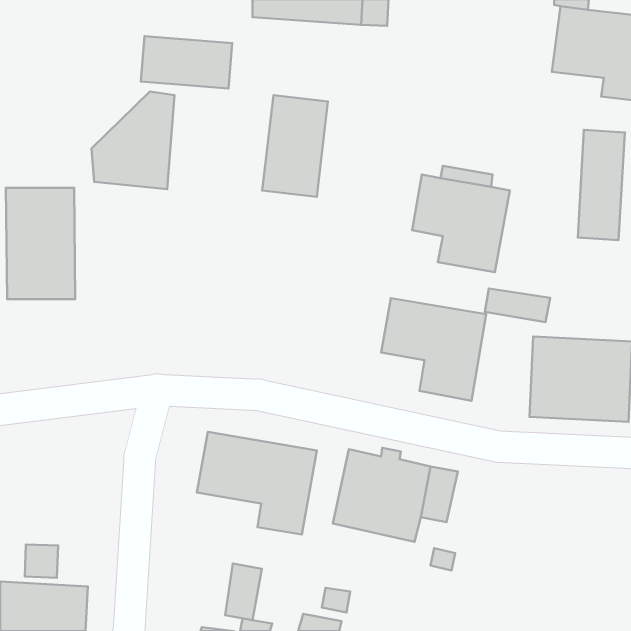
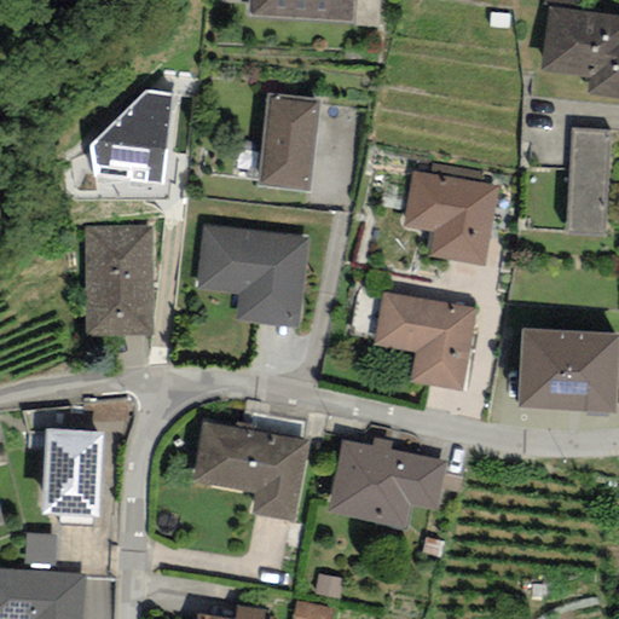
building: [141,36,232,89] -> none
building: [6,188,75,299] -> [86,226,154,335]
building: none -> [196,224,311,328]
building: [485,288,550,322] -> none
building: none -> [42,428,104,517]
building: [225,563,262,620] -> none

